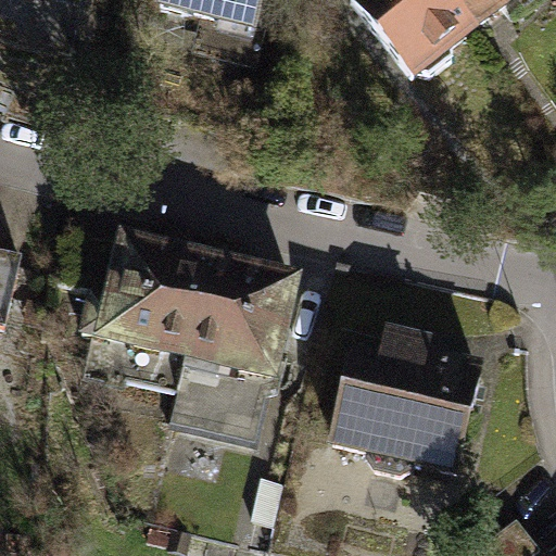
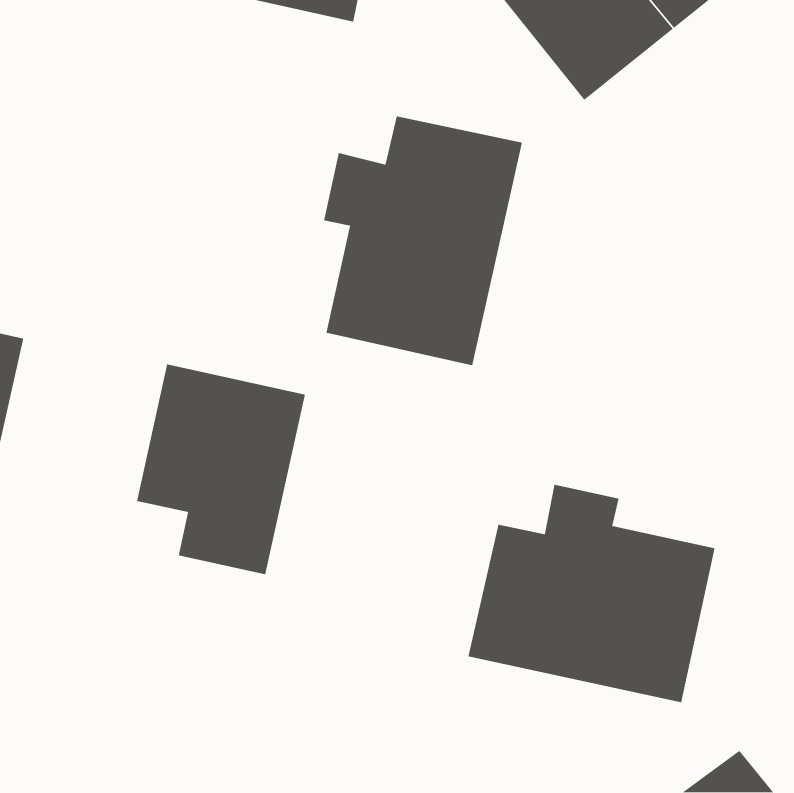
building: none -> [323,116,523,366]
building: [173,267,301,443] -> none

